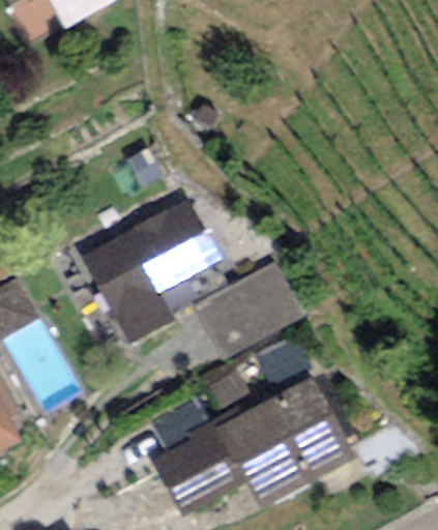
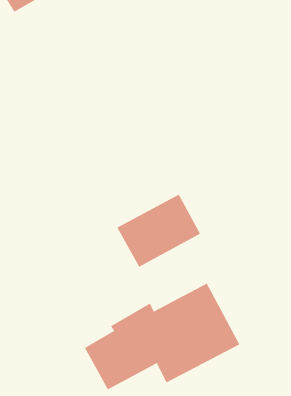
building: [81,197,223,344] -> none

